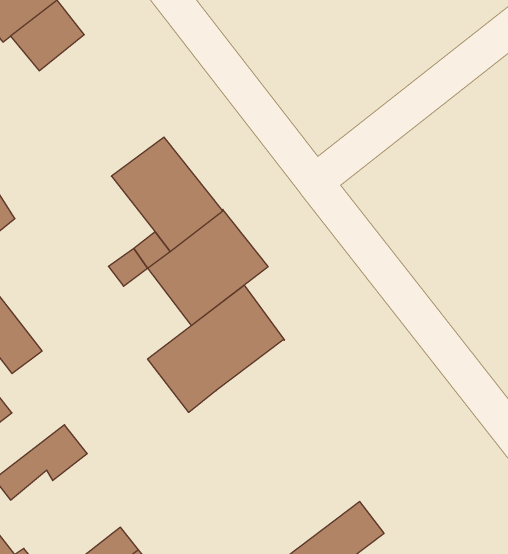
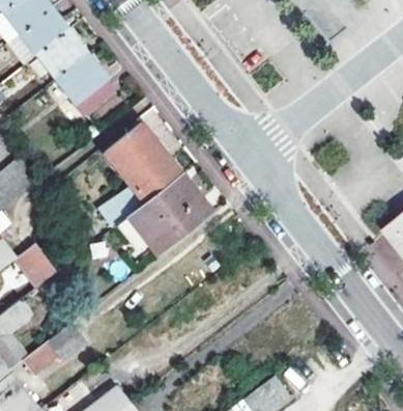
building: none -> [55,53,118,118]
building: [148,285,284,412] -> none

